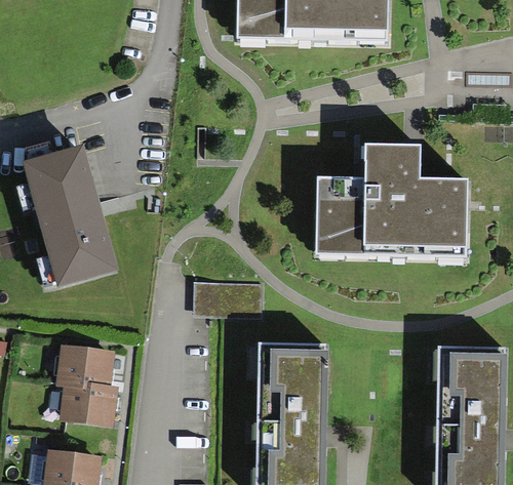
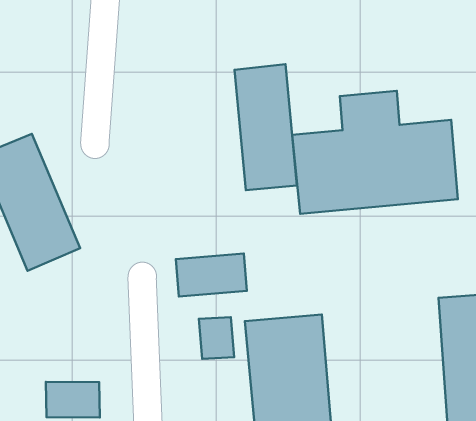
building: none -> [235,64,297,190]
building: none -> [199,317,234,359]
building: [58,345,112,383] -> none

